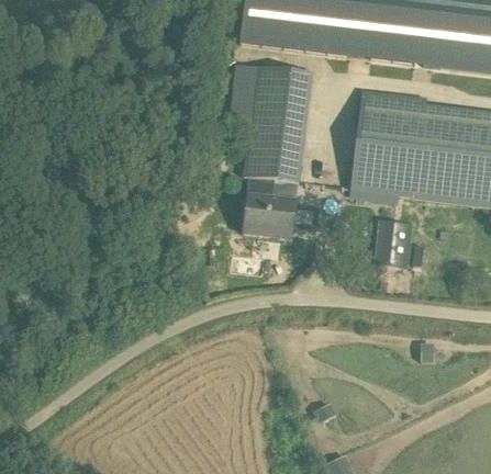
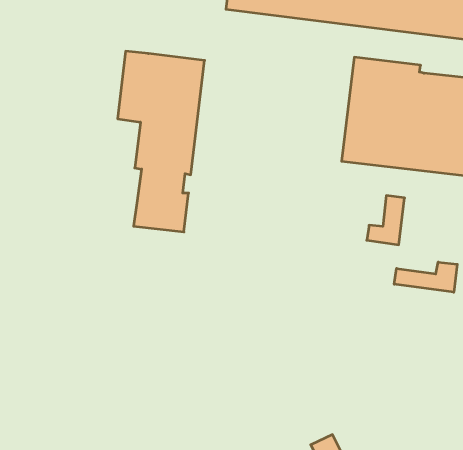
building: [227,63,311,236] -> [118,51,205,232]
building: none -> [394,262,457,292]

